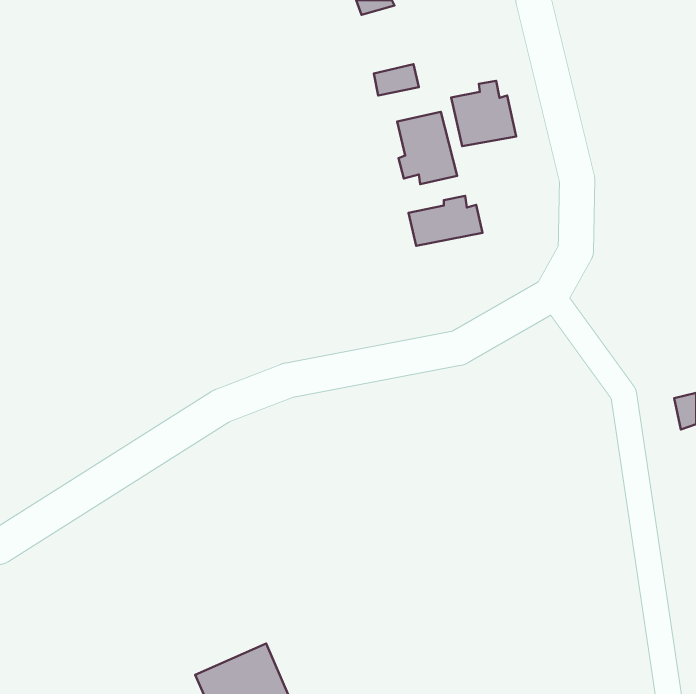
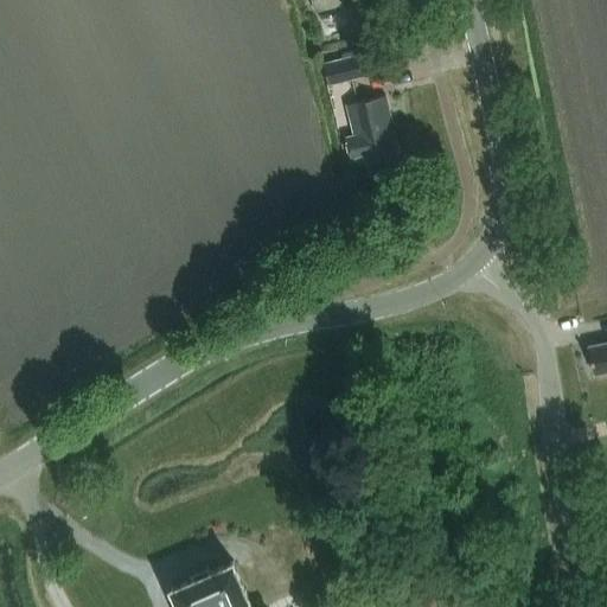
building: [451,81,516,146] -> none
building: [409,196,482,246] -> none

